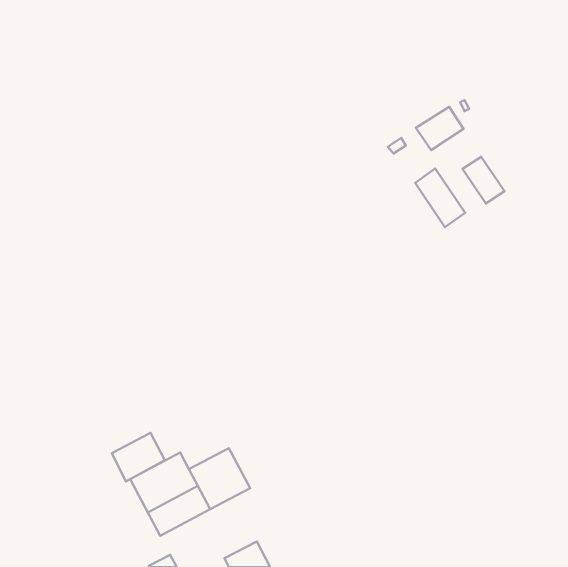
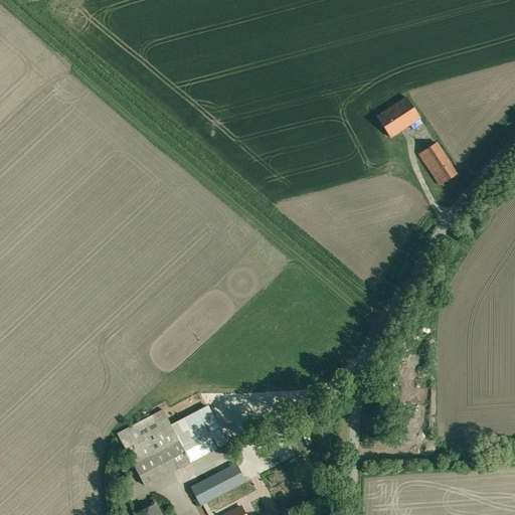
building: [415,169,465,227] -> none
building: [112,433,165,481] -> none
building: none -> [191,463,245,504]

